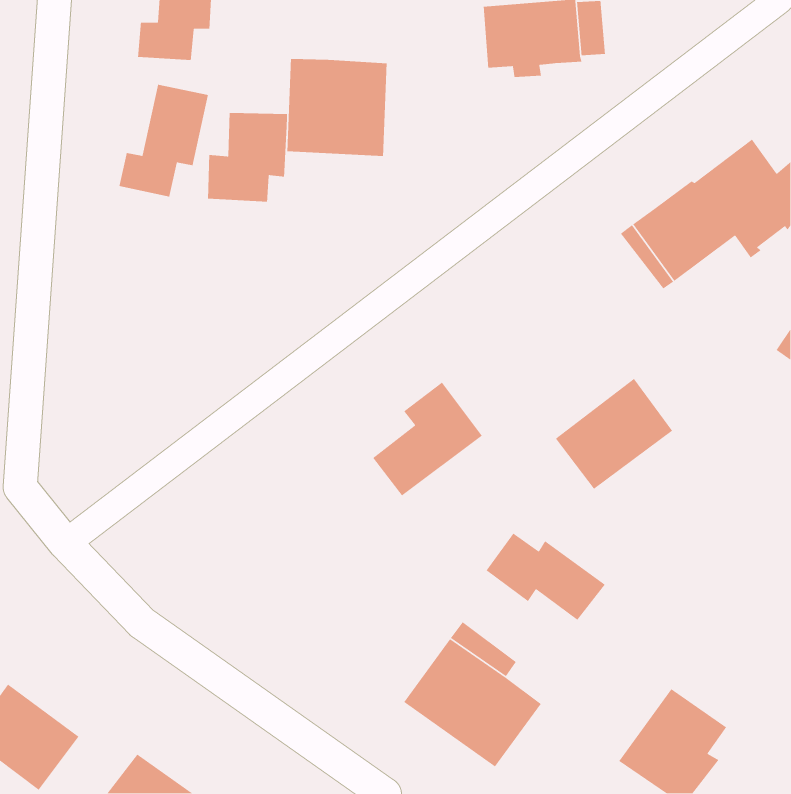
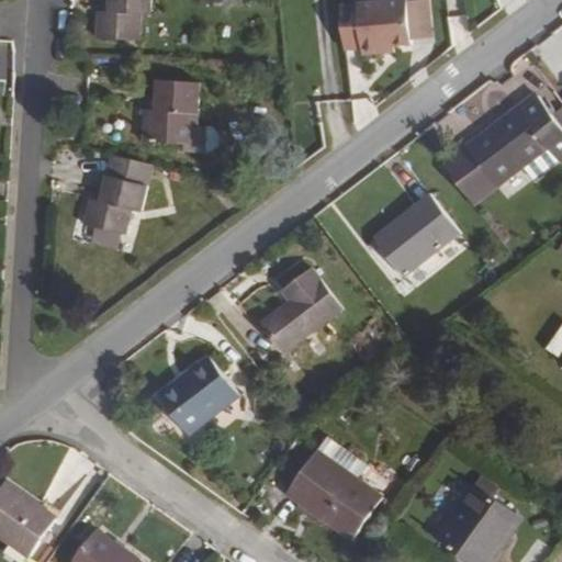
building: [287,58,387,157] -> none
building: [118,84,209,197] -> [90,153,154,233]
building: [555,378,673,490] -> [371,195,454,274]
building: none -> [156,353,239,434]
building: [485,532,606,621] -> none

